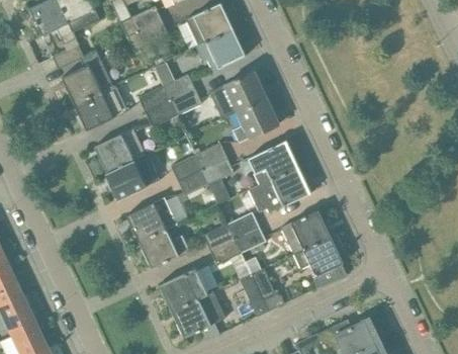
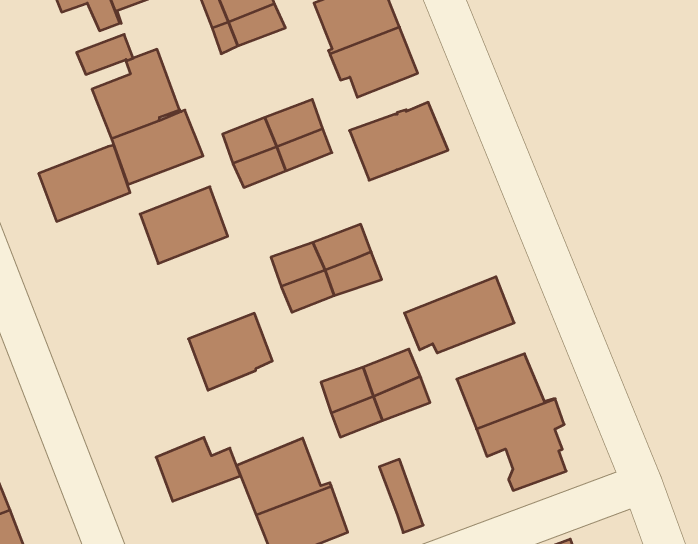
building: [233,97,279,143] -> none
building: [248,140,299,191] -> none
building: [107,154,160,199] -> [39,145,130,221]
building: [141,230,189,267] -> [156,437,240,501]
building: [252,269,285,311] -> none

